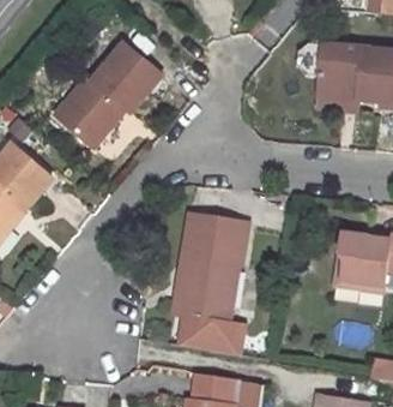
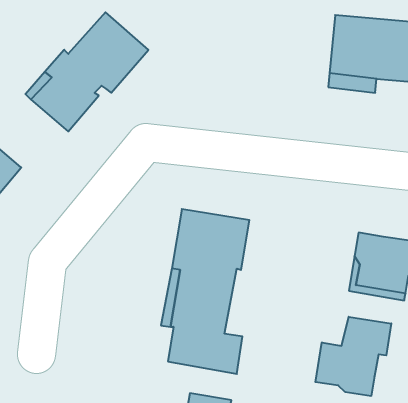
building: none -> [315,317,391,396]

